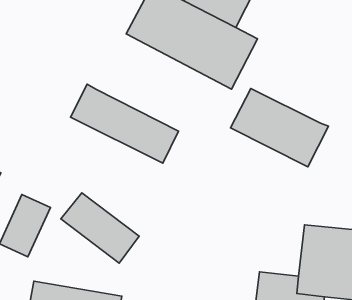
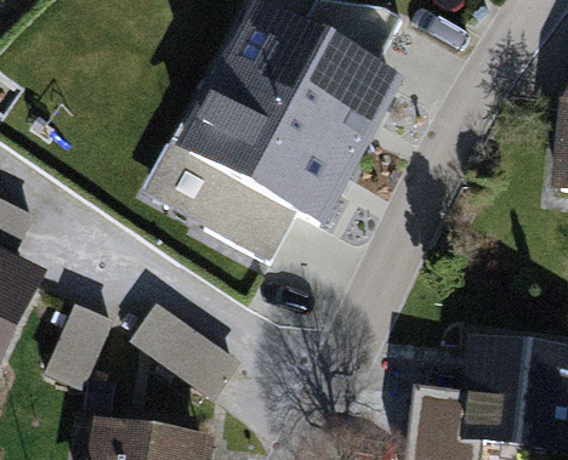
building: none -> [176,76,365,231]
building: [230,88,329,167] -> none

